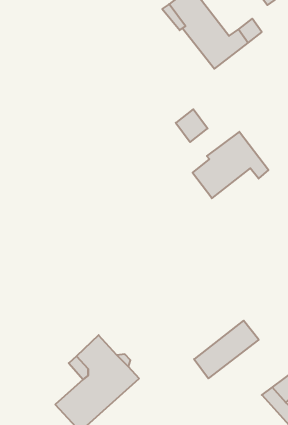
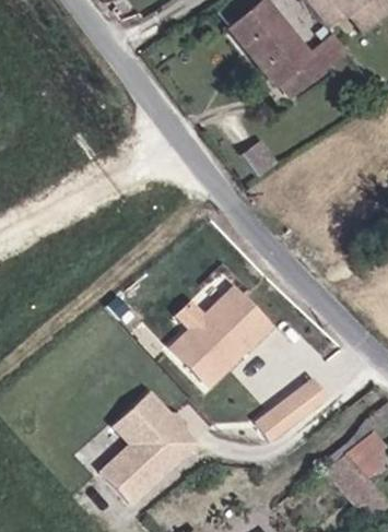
building: [193,132,268,198] -> none
building: none -> [173,291,275,389]

